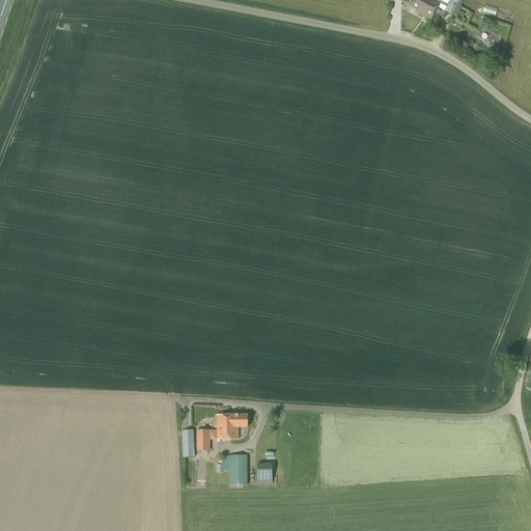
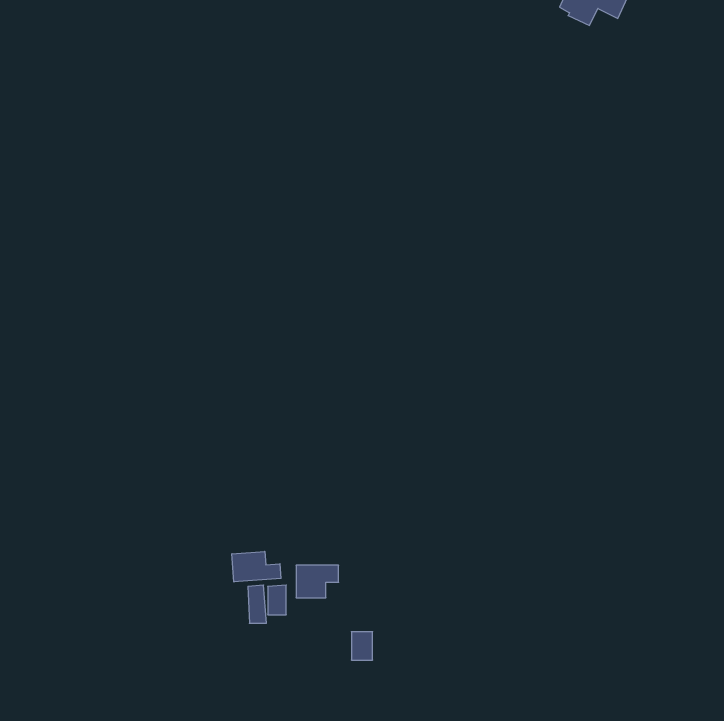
building: none -> [232,551,281,582]
building: [223,454,248,483] -> none

